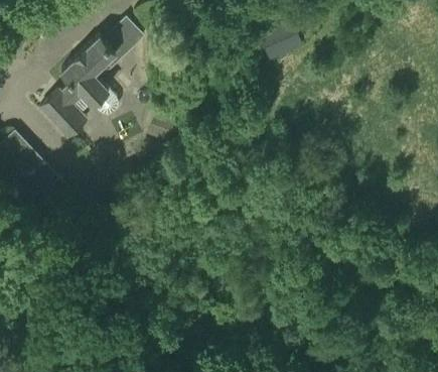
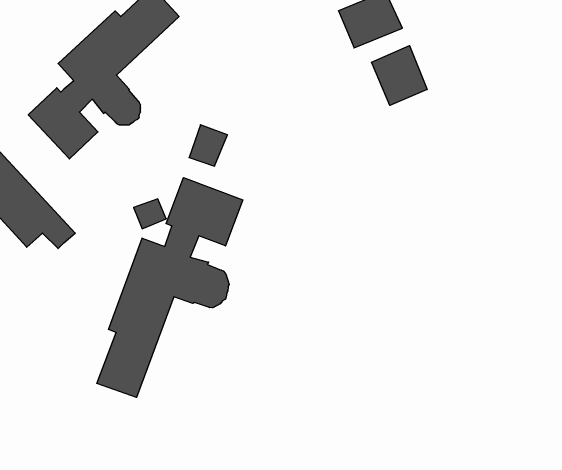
building: none -> [372,46,427,105]
building: none -> [97,178,243,397]

